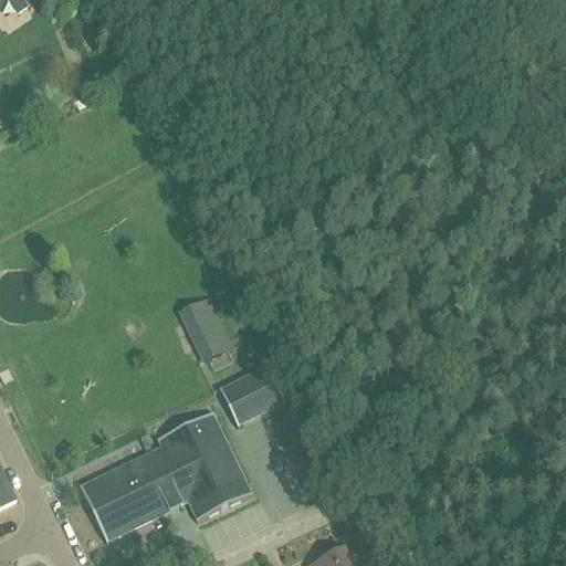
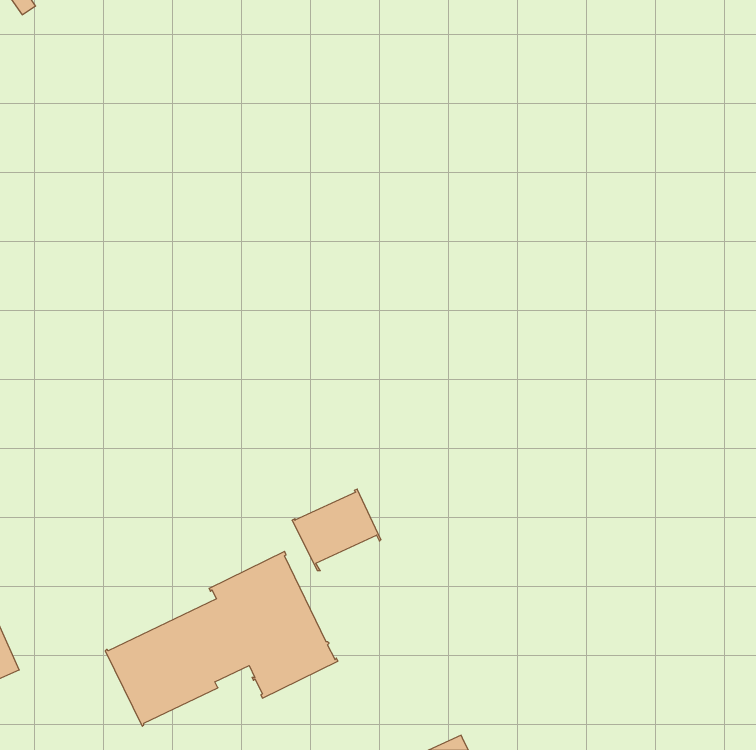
building: [187,311,232,360] -> none

